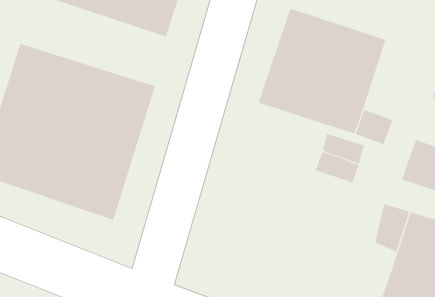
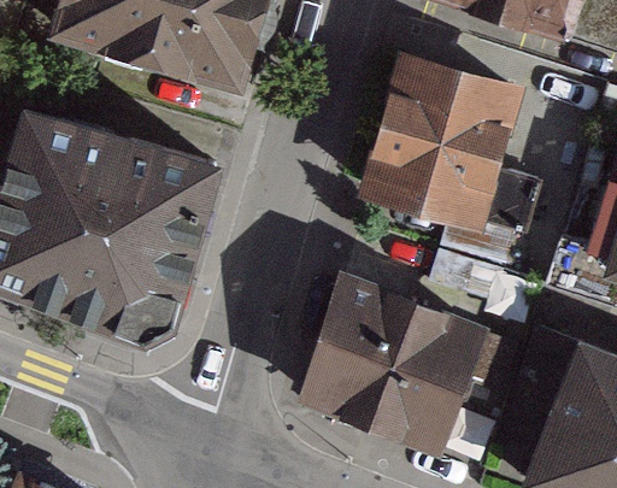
building: none -> [305,278,474,446]

